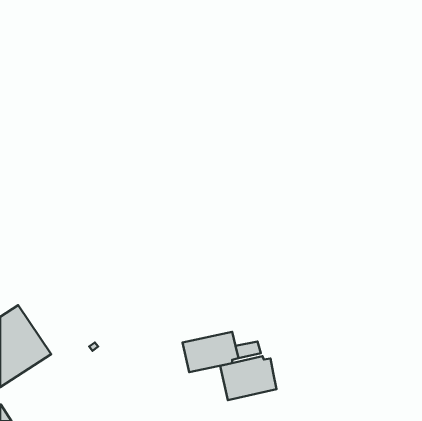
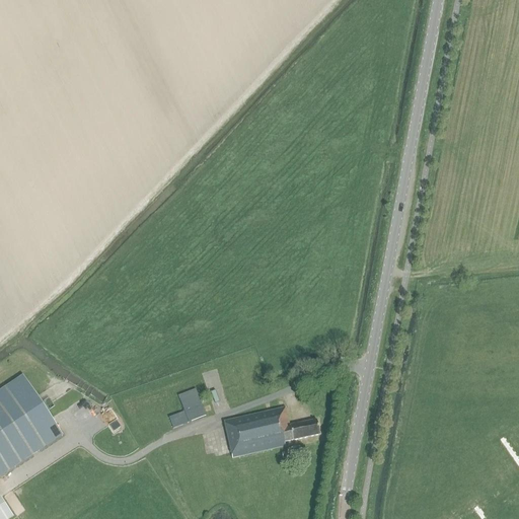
building: none -> [168,387,206,427]
building: [220,356,277,400] -> none

